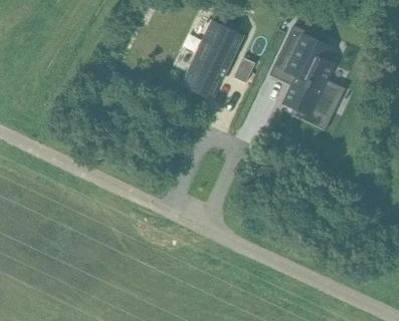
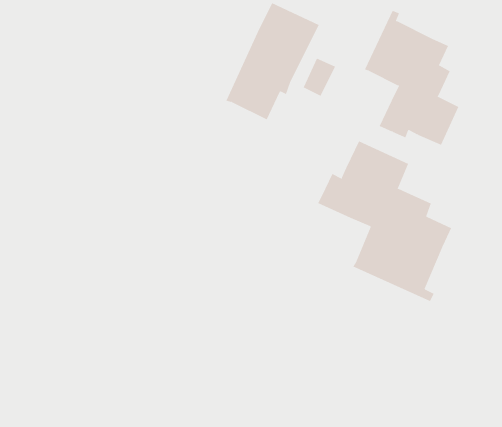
building: none -> [317,141,452,302]

